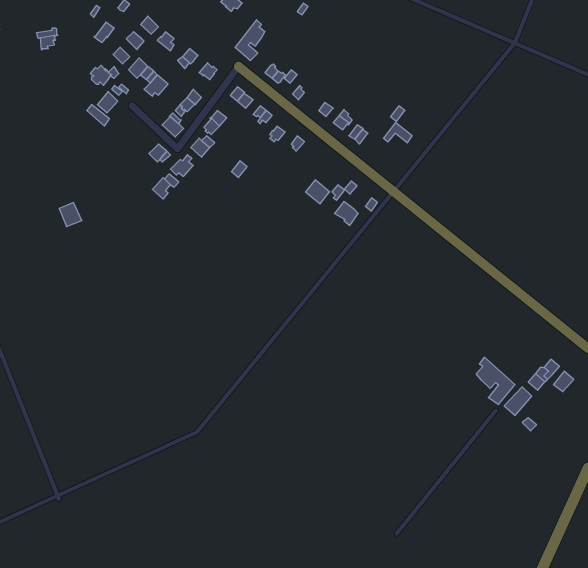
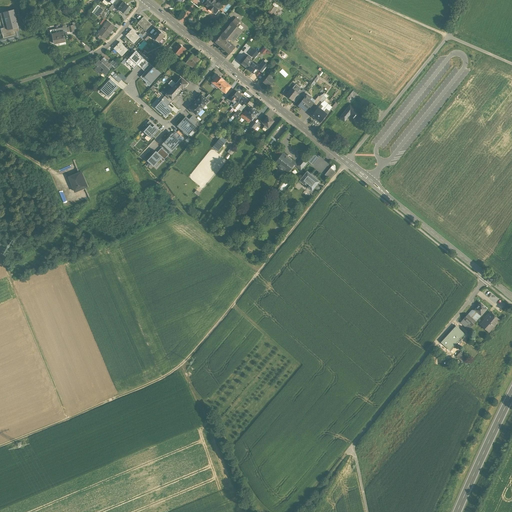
building: [476,357,515,404] -> none

